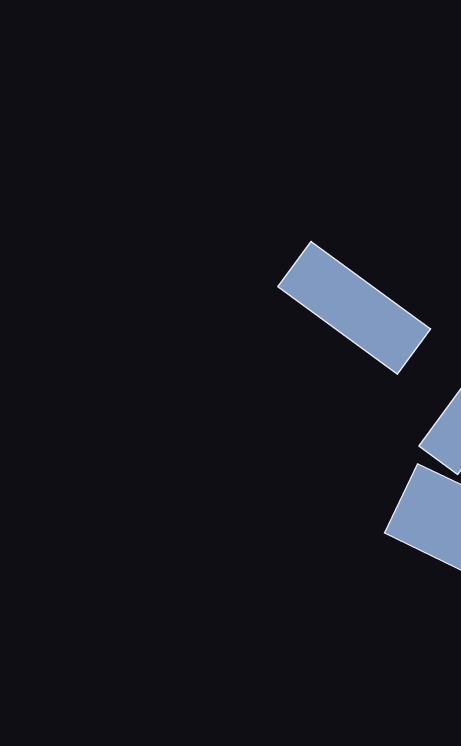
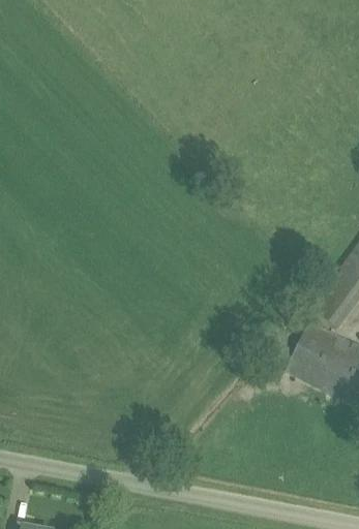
building: [278,241,431,374] -> none

